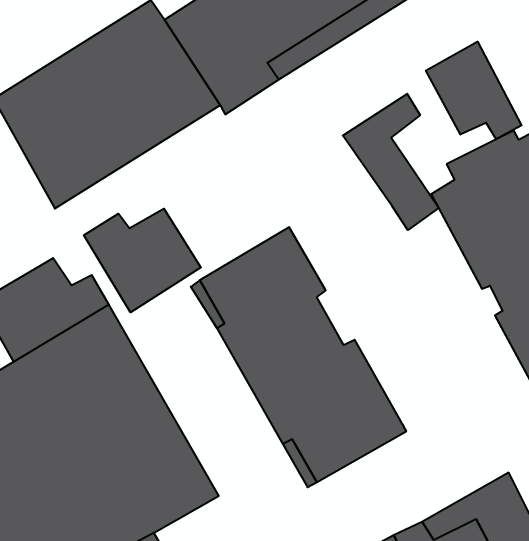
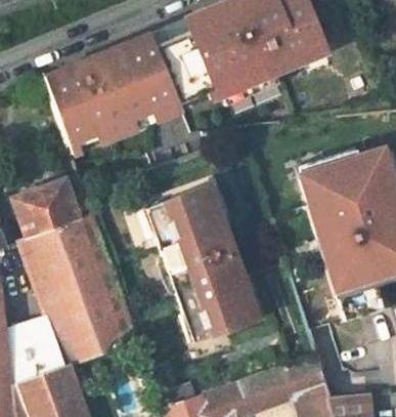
building: [426,42,522,139] -> none
building: [343,94,439,230] -> none
building: [84,209,201,312] -> none

